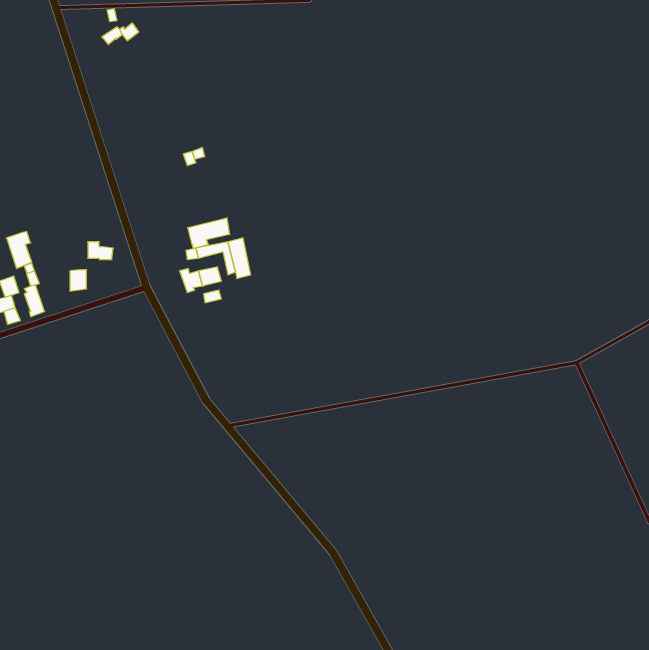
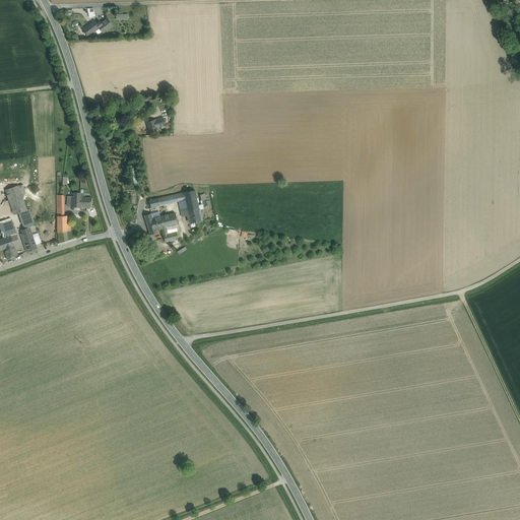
building: [188,218,230,249] -> none

